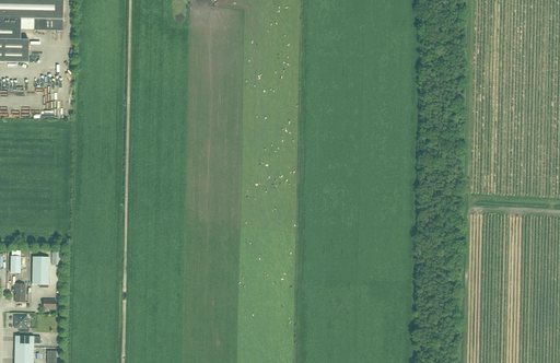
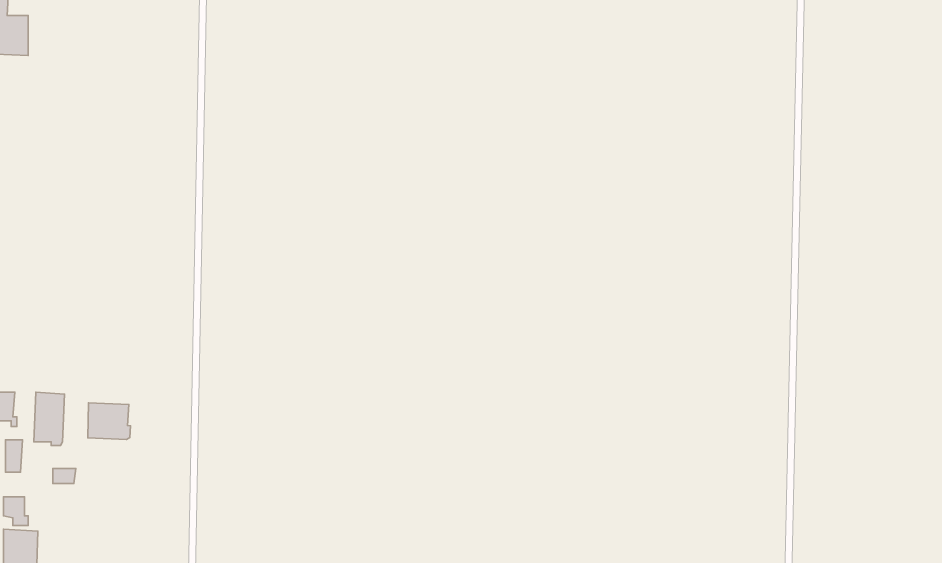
building: none -> [88,403,131,439]

